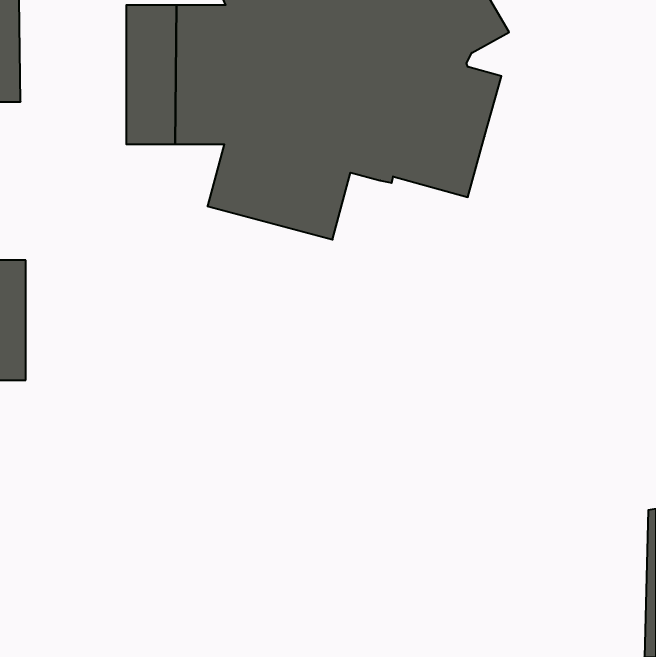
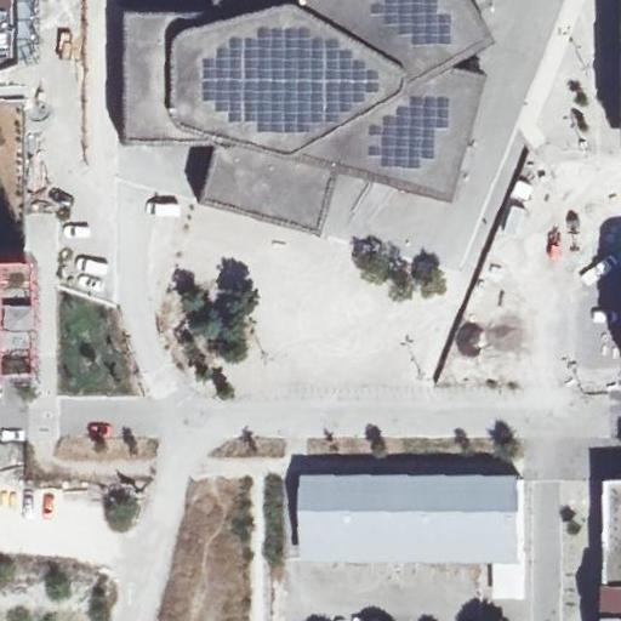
building: none -> [306,478,526,588]

